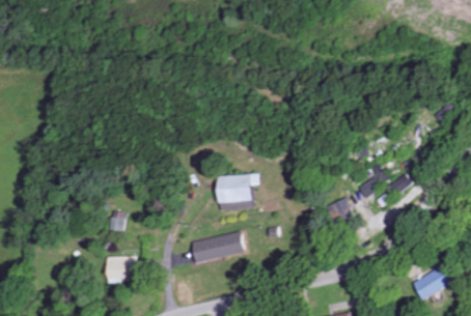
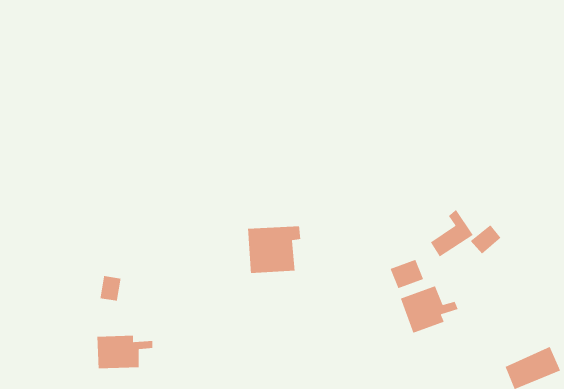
building: none -> [400,285,459,334]
building: [191,232,244,262] -> none

